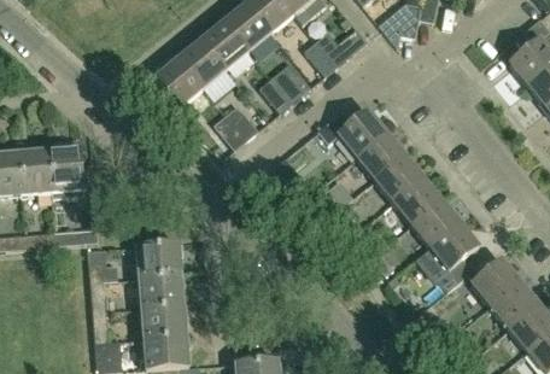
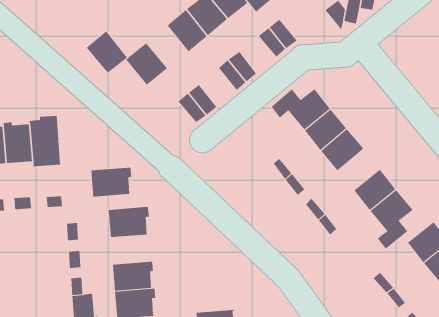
building: [179,37,226,86] -> [86,31,128,74]
building: [393,176,441,223] -> none
building: [138,273,186,306] -> [90,167,133,197]

